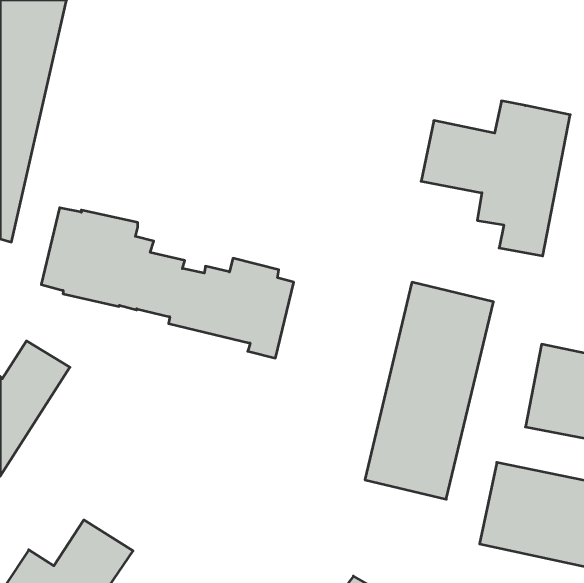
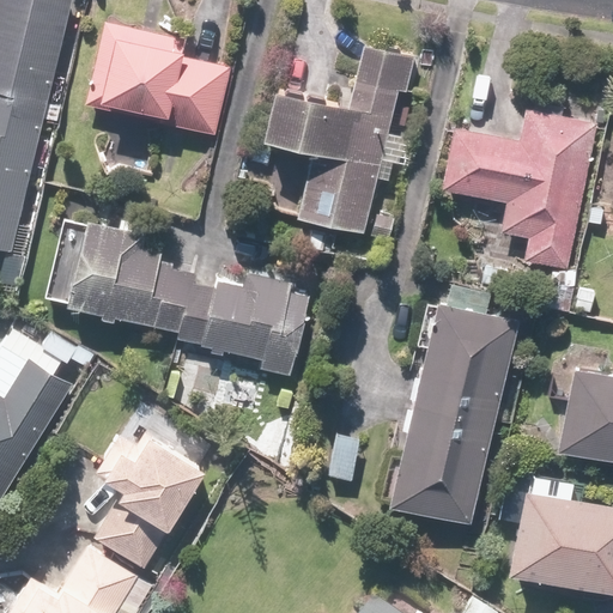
building: none -> [85,24,232,138]
building: none -> [261,48,415,243]
building: none -> [93,437,205,571]

